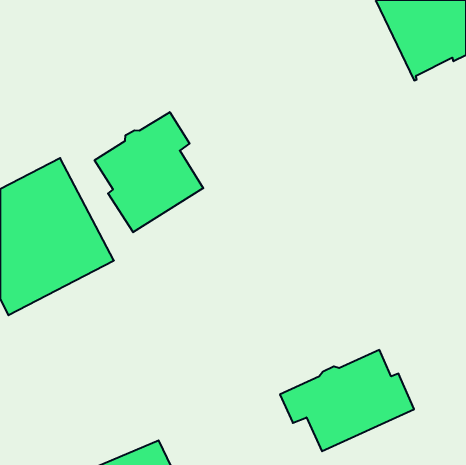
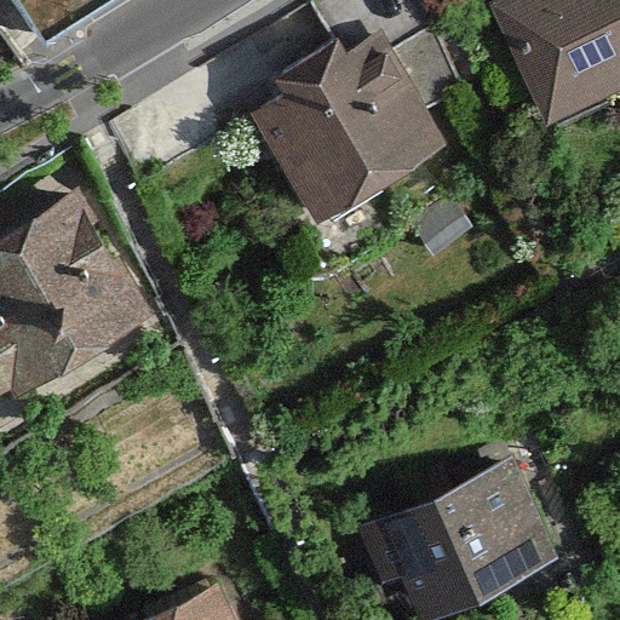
building: none -> [259,38,437,217]
building: [95,112,203,232] -> none

